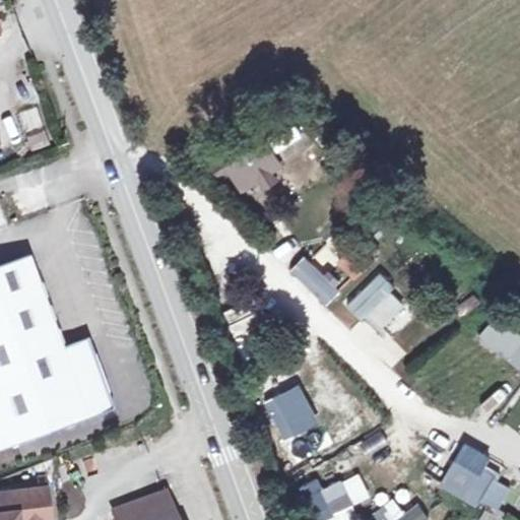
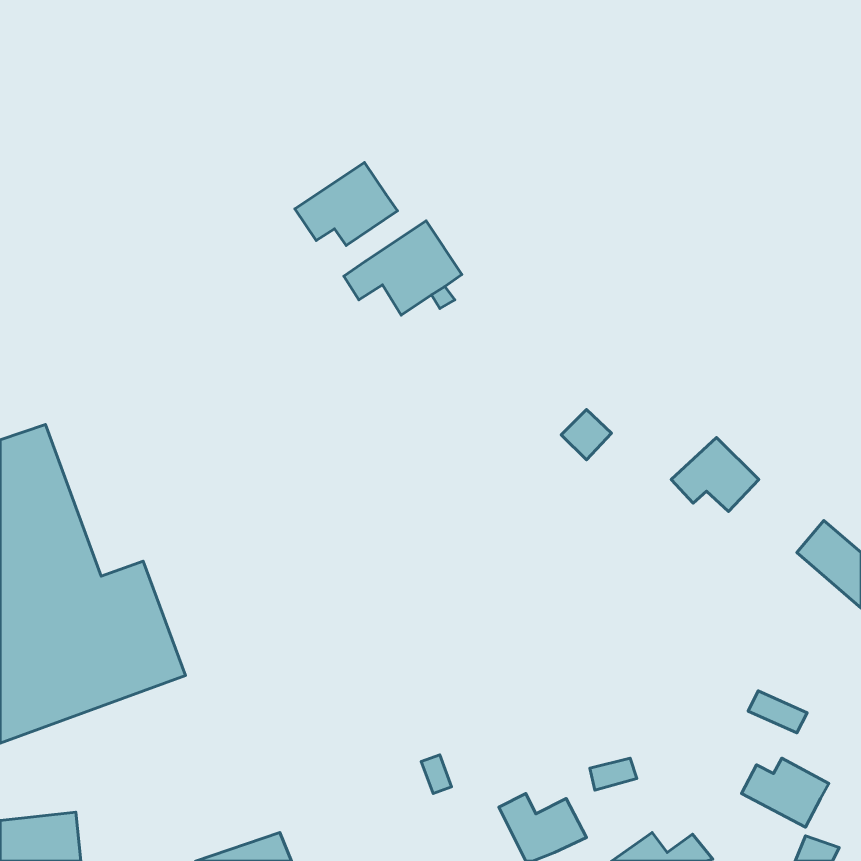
building: none -> [295,163,397,245]
building: [289,255,340,305] -> none
building: [347,279,400,324] -> [671,437,759,511]
building: [261,386,318,442] -> none

